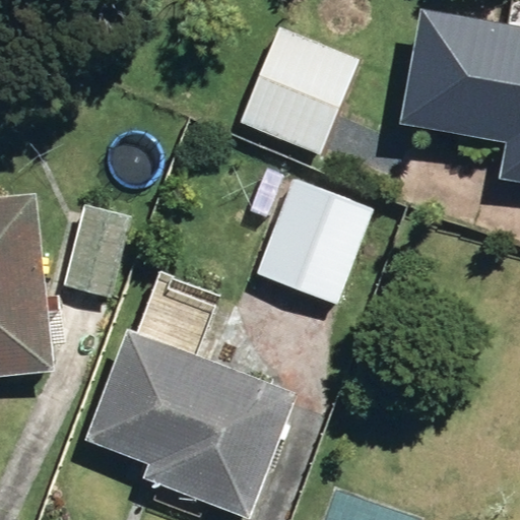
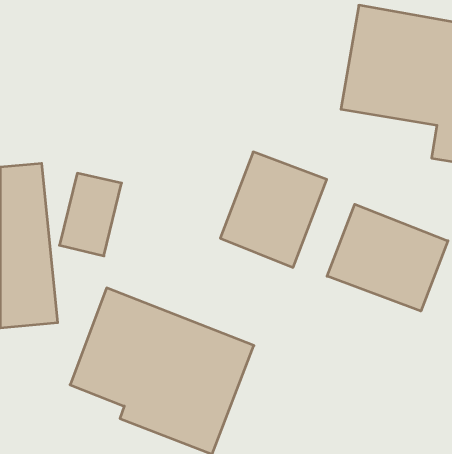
building: [238,22,358,155] -> none
building: none -> [327,204,448,311]

